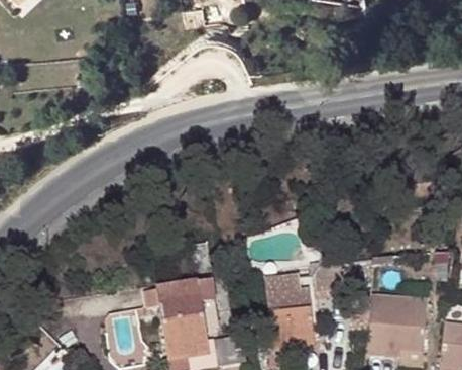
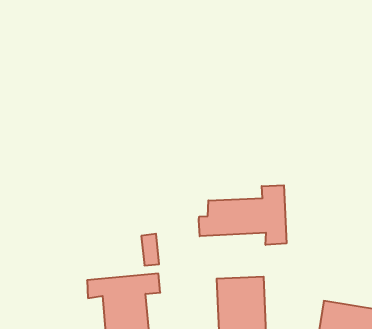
building: none -> [199,185,286,245]

